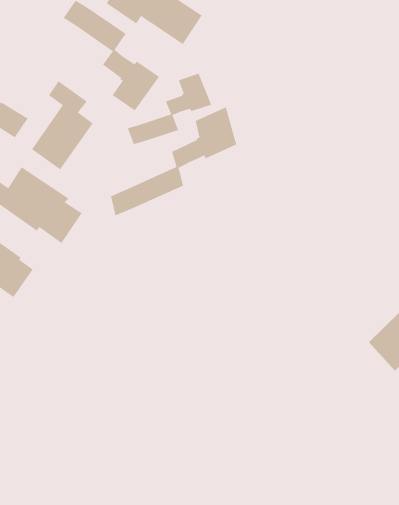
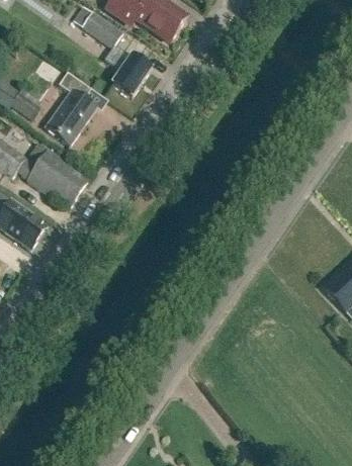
building: [127,73,212,145] -> none
building: [110,107,237,216] -> none

